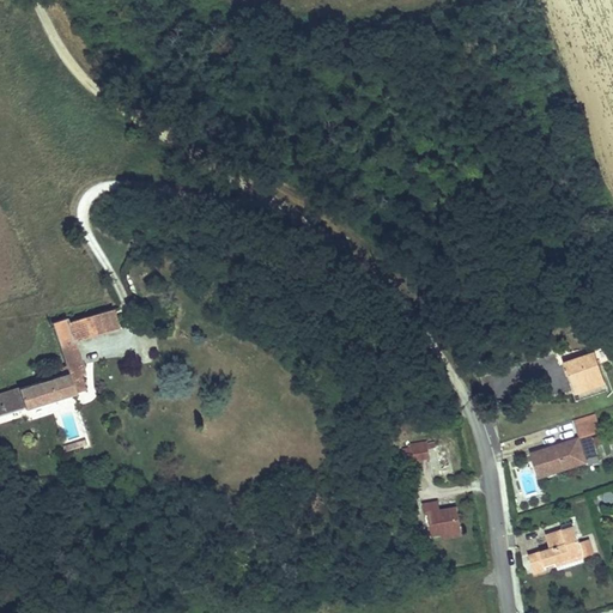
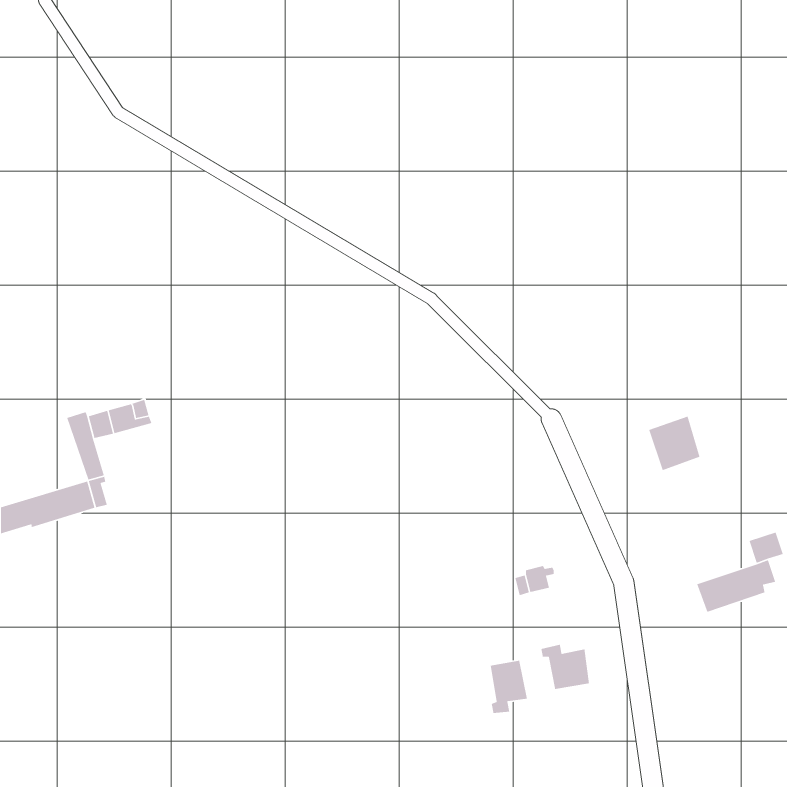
building: [560,356,601,399] -> [648,416,701,471]
building: none -> [490,660,528,714]
building: [539,520,594,566] -> none

